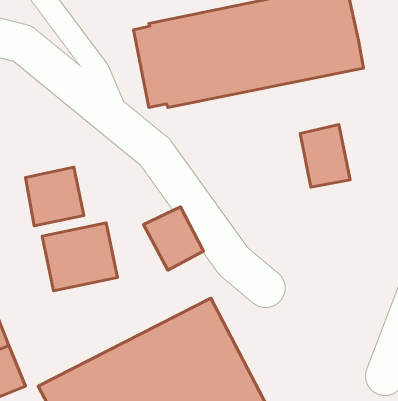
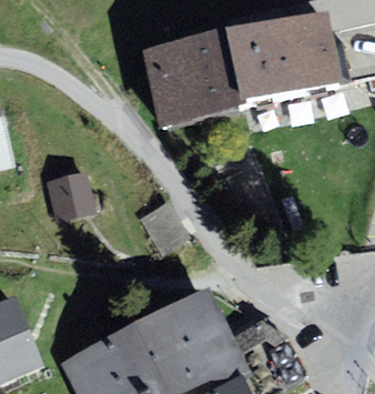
building: [300,125,350,187] -> none
building: [42,223,117,291] -> none

